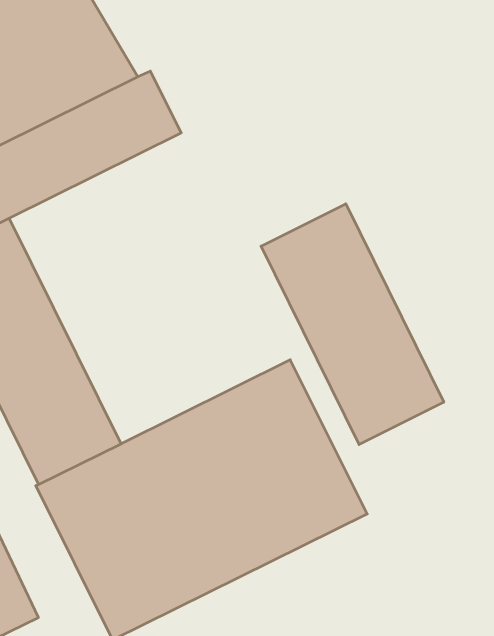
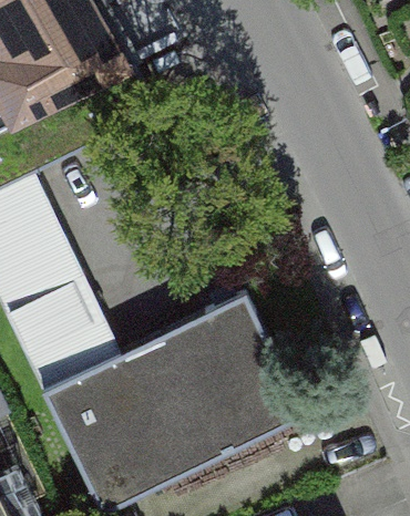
building: [261,204,444,445] -> none

